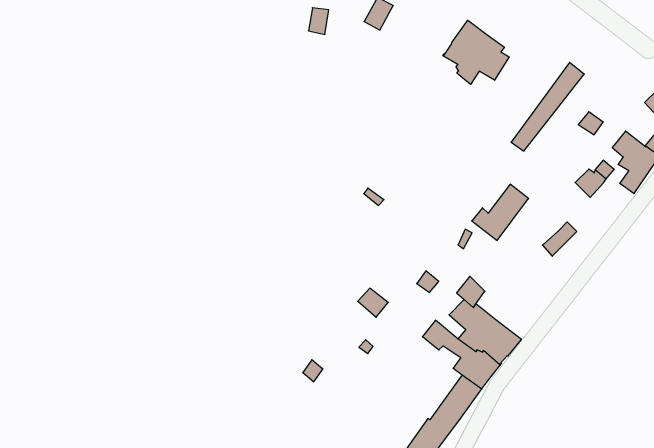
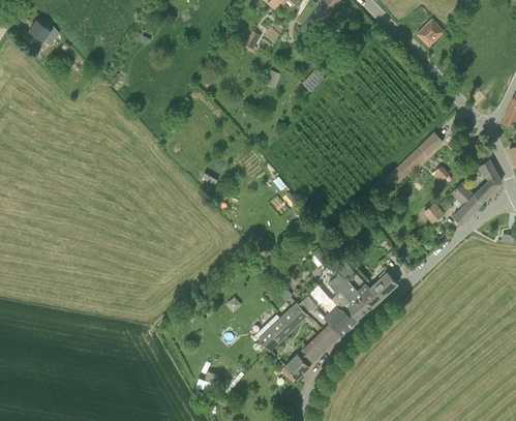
building: [443,20,509,84] -> none
building: [472,184,529,240] -> [358,272,397,307]
building: none -> [255,295,317,350]

